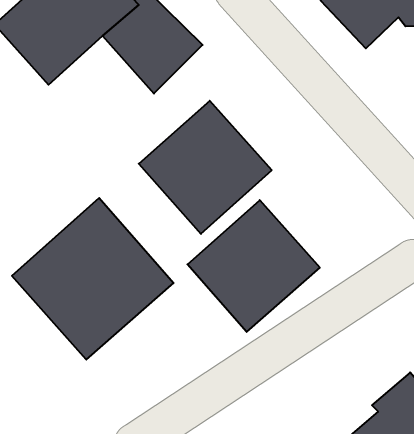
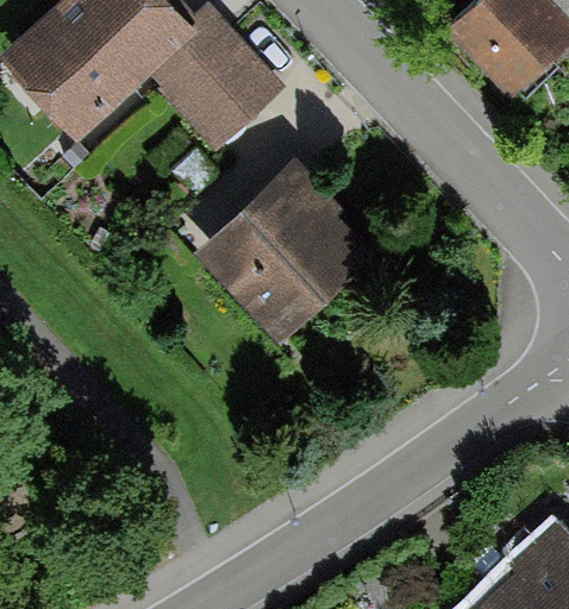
building: [12,198,174,360] -> none
building: [187,200,320,332] -> none

